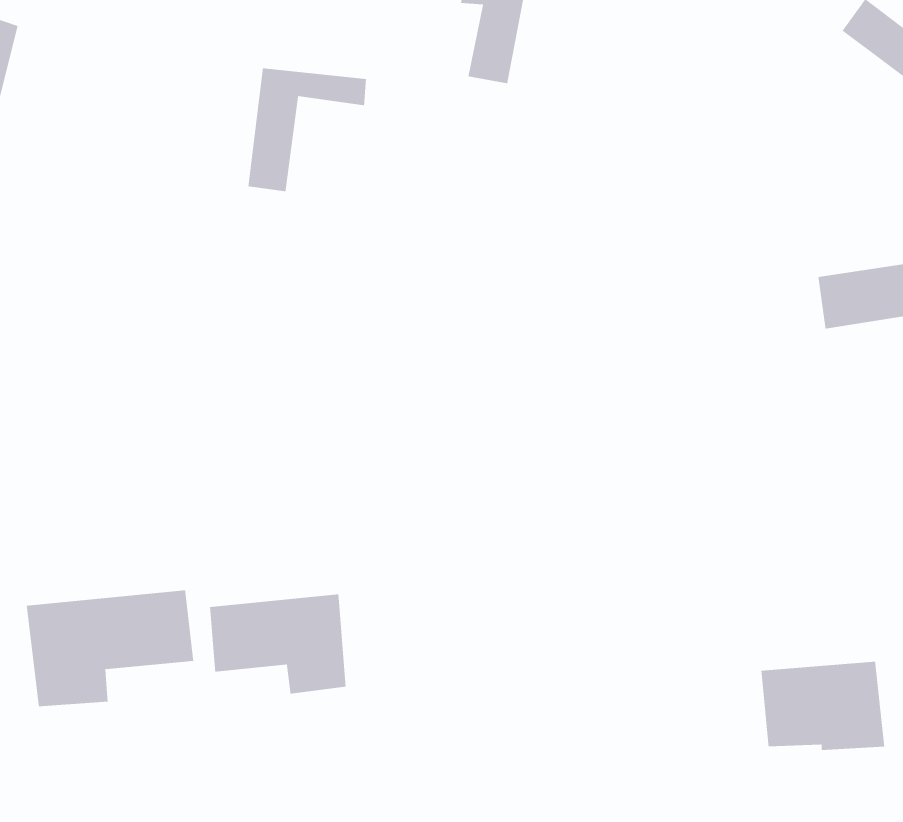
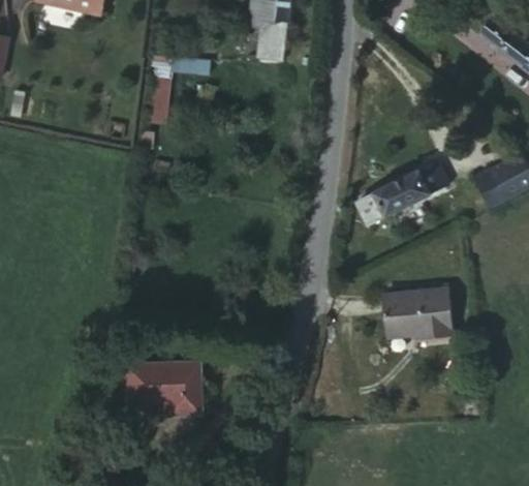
building: none -> [354,163,445,225]
building: [26,590,194,707] -> none
building: [761,661,885,751] -> [380,288,450,339]

